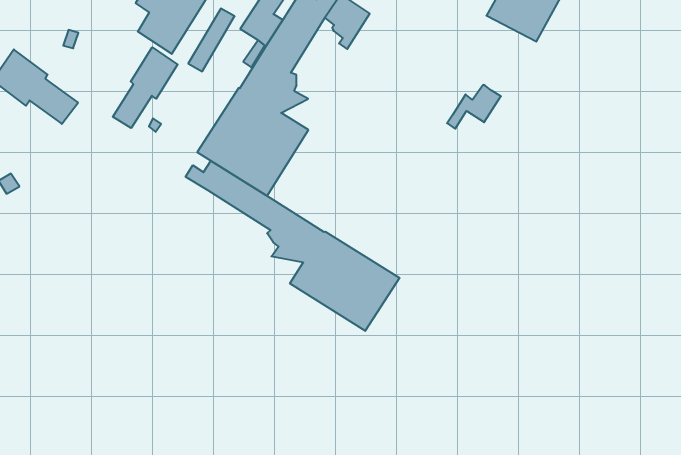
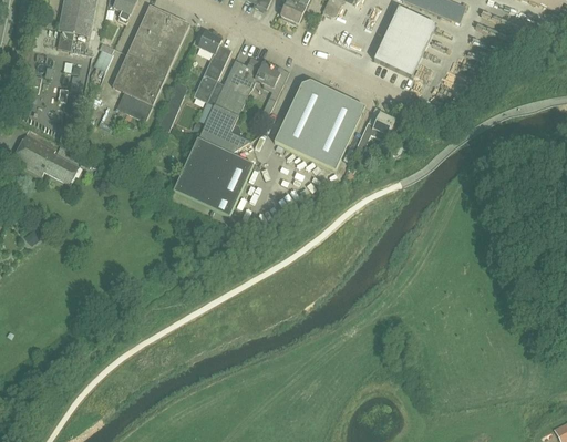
building: none -> [274,79,364,169]
building: [113,47,178,128] -> none
building: [186,161,399,331] -> none

